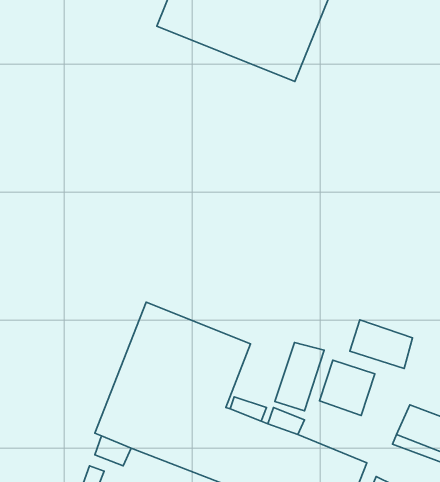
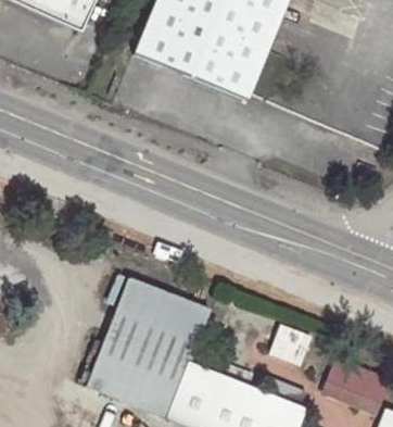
building: [350,320,412,369] -> none
building: [275,342,324,411] -> none

